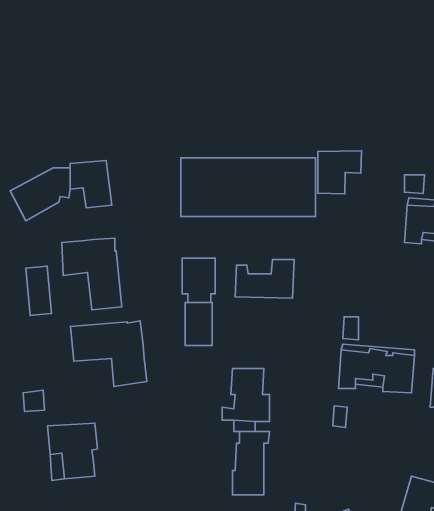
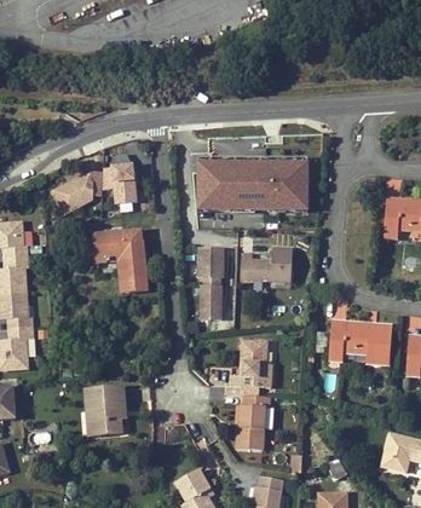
building: [318,151,361,194] -> none
building: [26,266,52,315] -> none
building: [70,321,147,387] -> none

